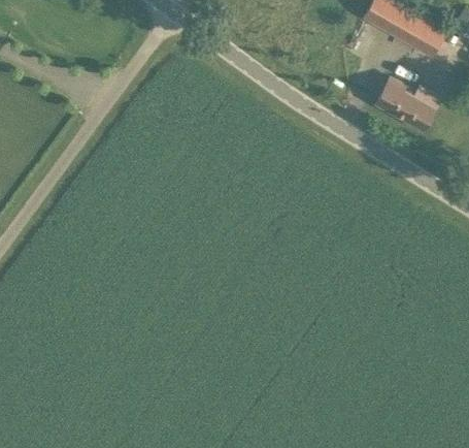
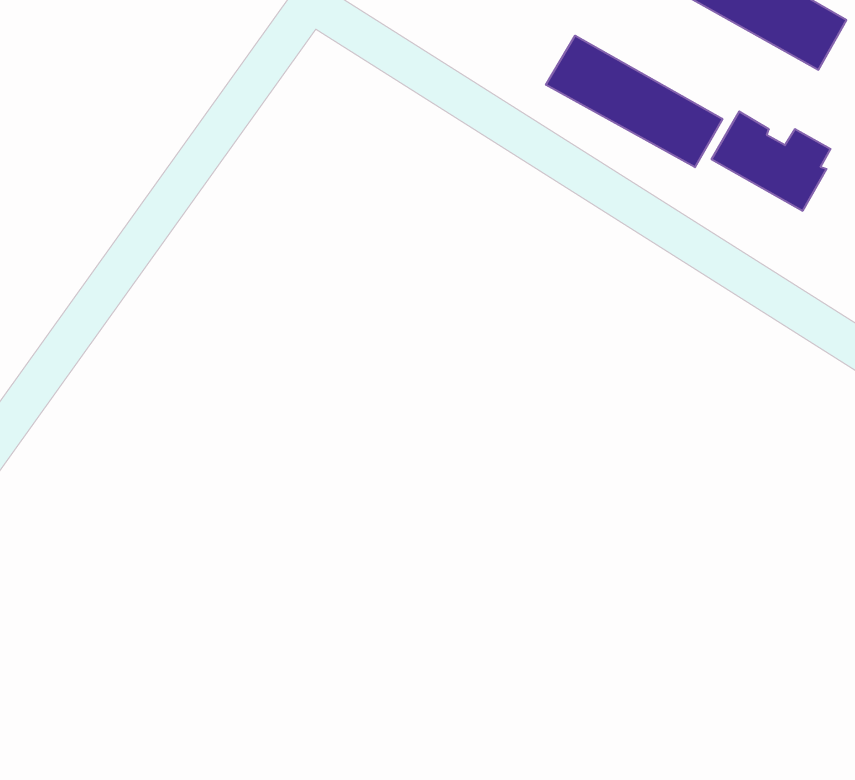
building: none -> [546,36,722,167]

